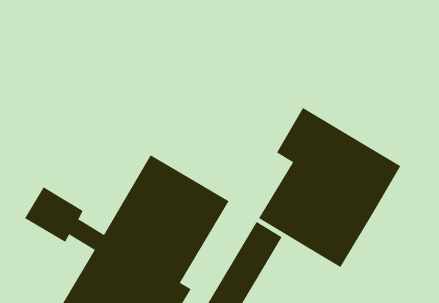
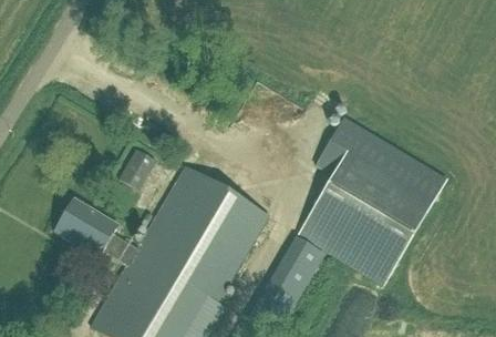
building: none -> [121,147,157,188]

